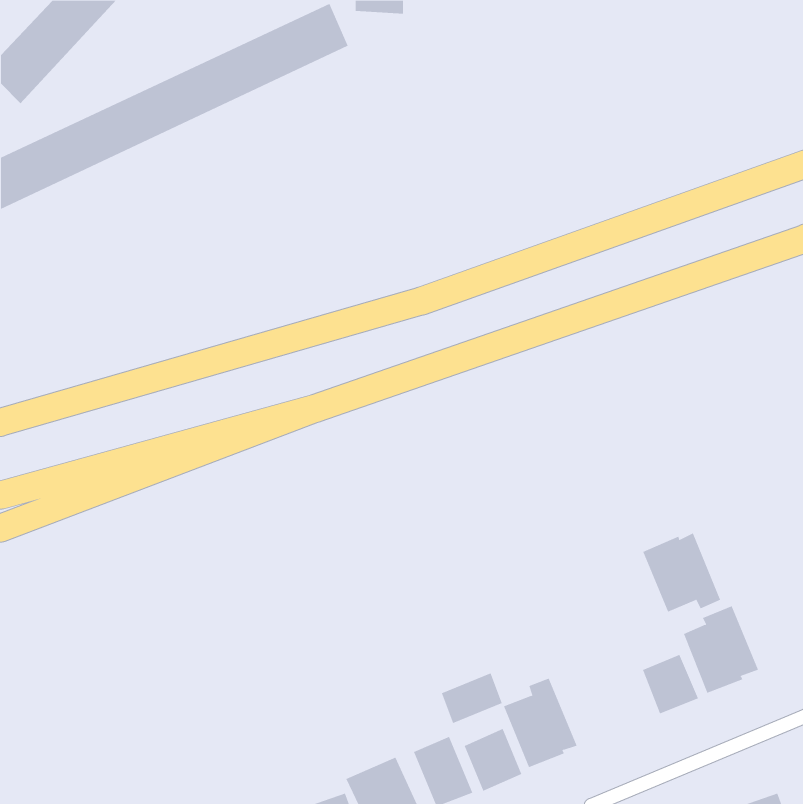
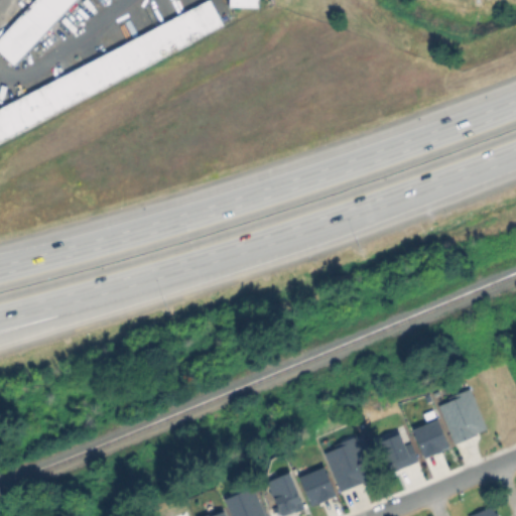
building: [643,533,721,613] -> none
building: [441,672,502,724] -> none
building: none -> [378,433,418,473]

